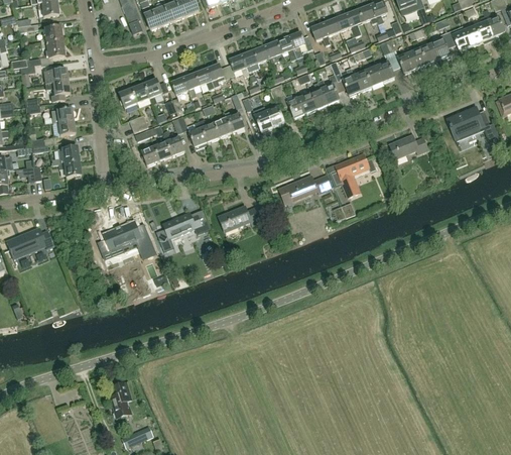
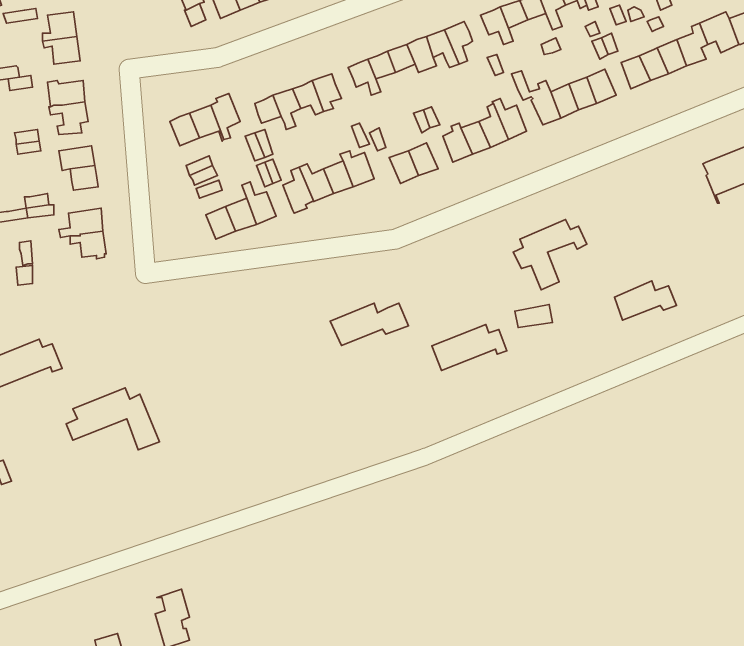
building: [390,134,428,158] -> [614,281,677,320]
building: [279,175,326,203] -> [432,325,507,370]
building: [156,213,209,251] -> none
building: [99,220,156,258] -> [66,388,159,450]

